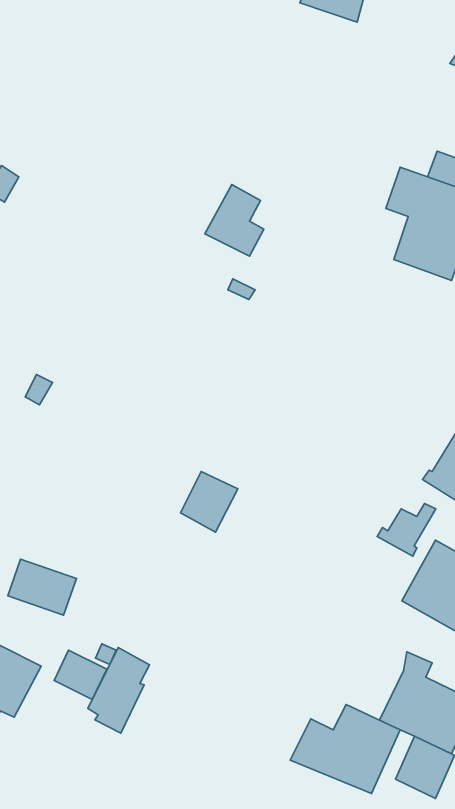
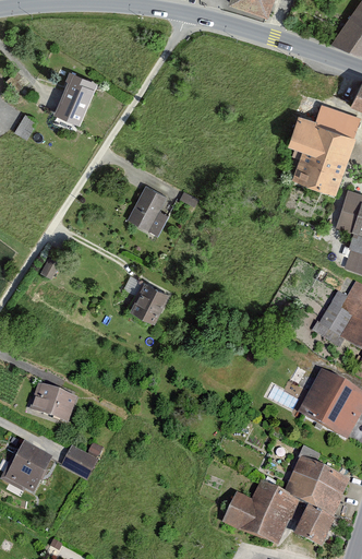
building: none -> [55,71,96,123]
building: [205,185,264,256] -> [128,185,168,234]
building: [180,471,238,532] -> [130,282,169,323]
building: [377,503,436,556] -> none
building: [88,648,150,733] -> none

